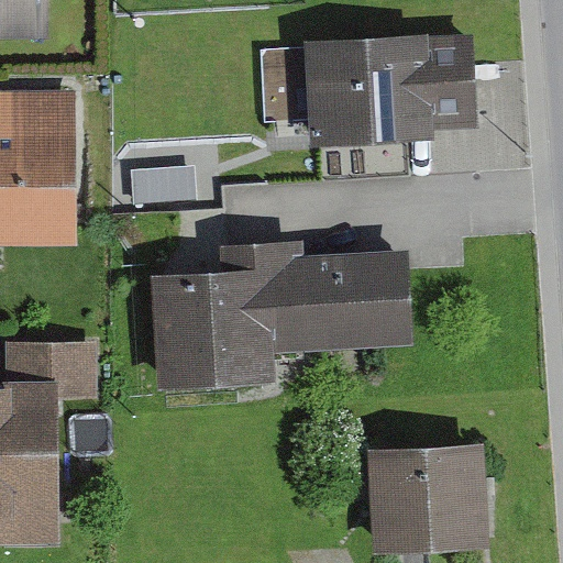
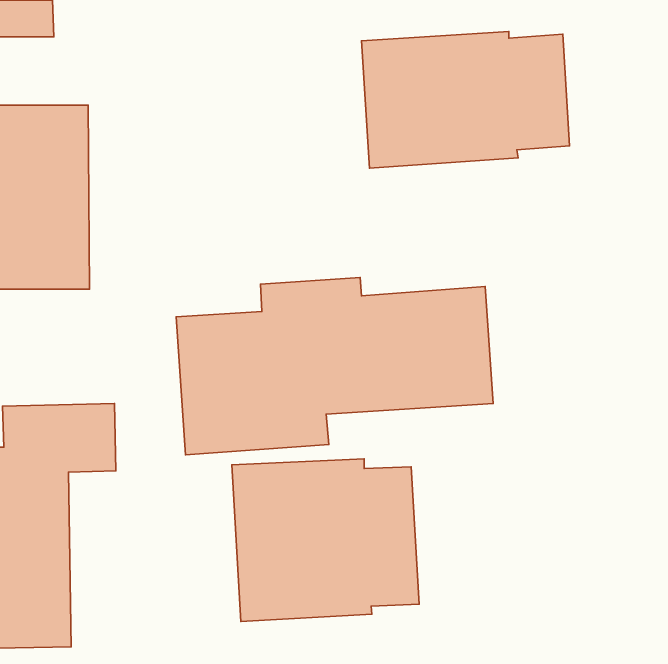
building: none -> [232,459,419,621]
building: [366,443,488,553] -> none

